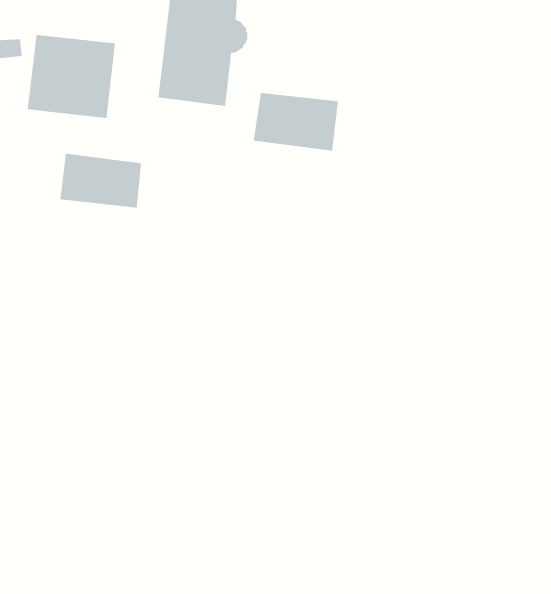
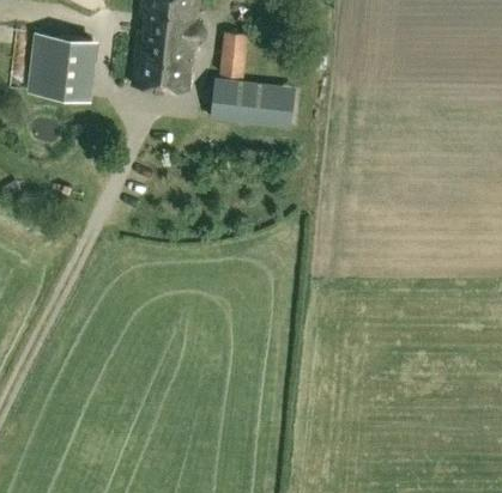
building: none -> [219,32,248,78]
building: [59,153,142,208] -> none

